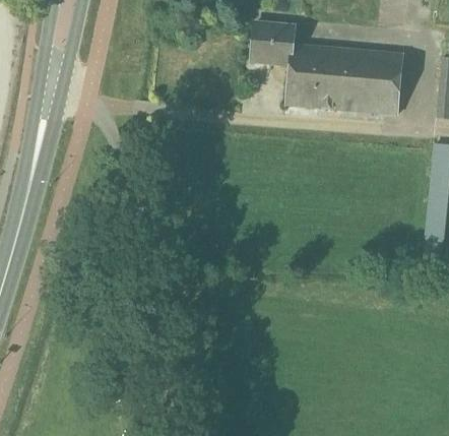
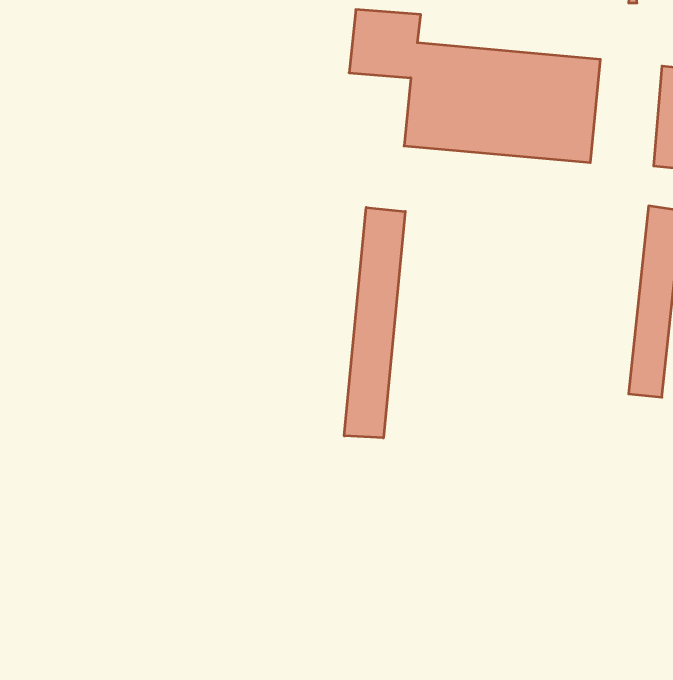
building: none -> [344,207,405,438]

